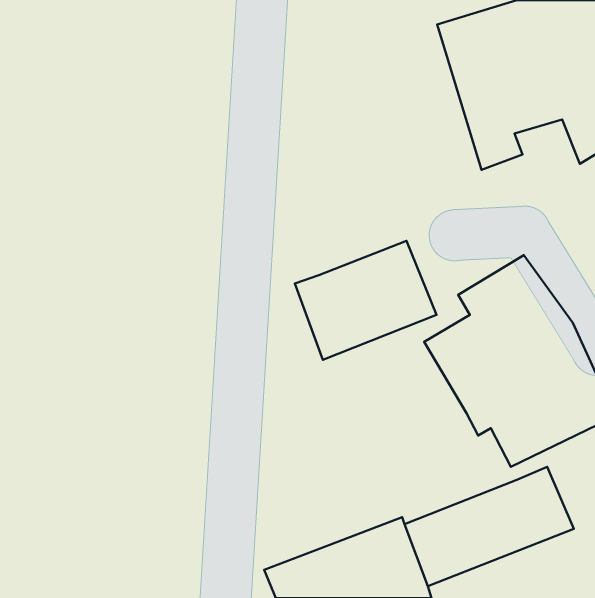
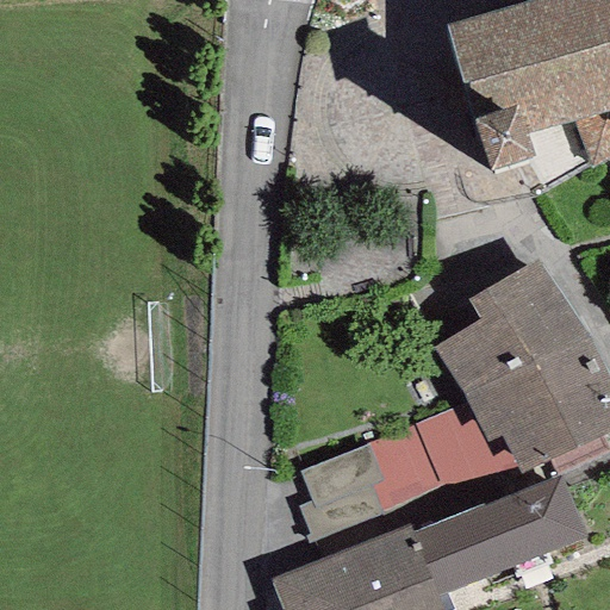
building: [295,241,437,360] -> none
building: none -> [299,410,529,561]

